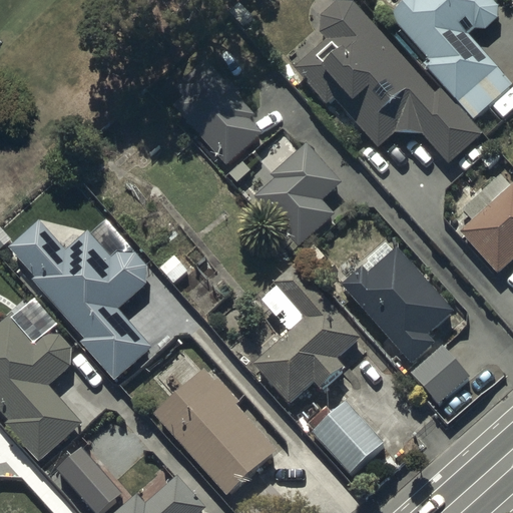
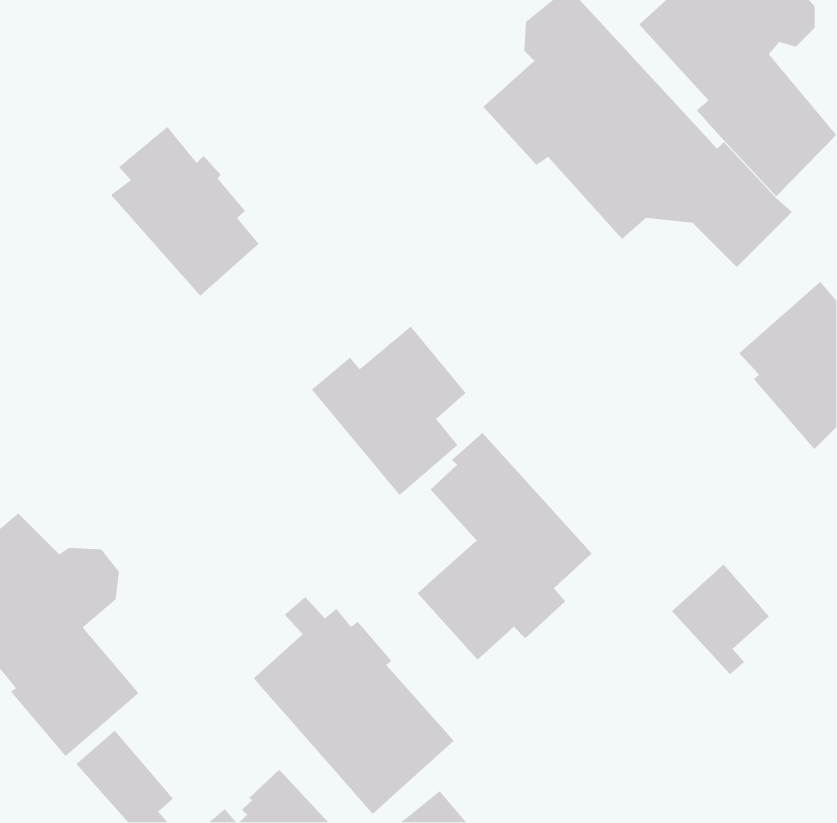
building: [171,61,263,165] -> [110,126,259,297]
building: [245,142,341,246] -> [311,325,467,496]
building: [6,219,151,380] -> none
building: [341,240,456,364] -> none
building: [312,401,384,474] -> none

